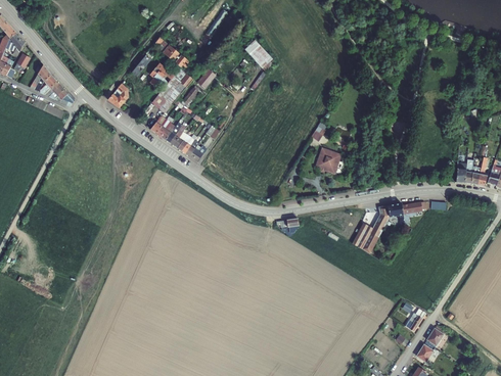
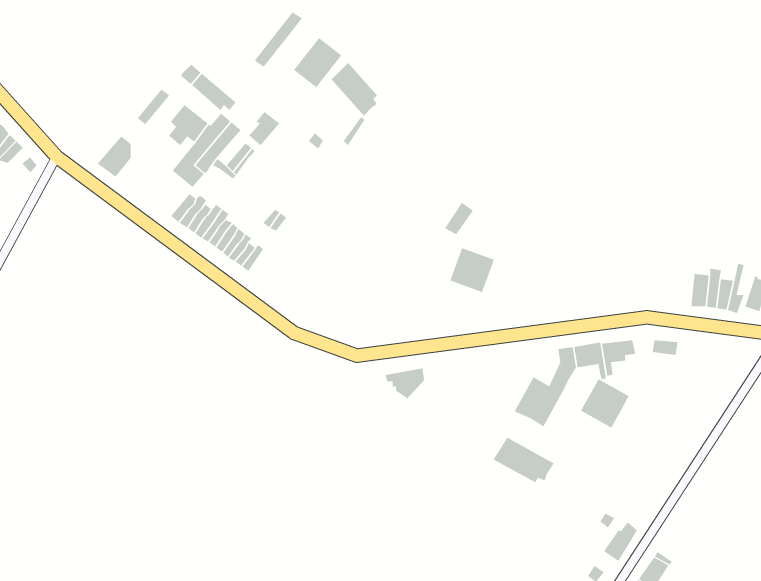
building: none -> [293,37,342,88]
building: none -> [580,379,630,428]
building: none -> [493,437,554,483]

